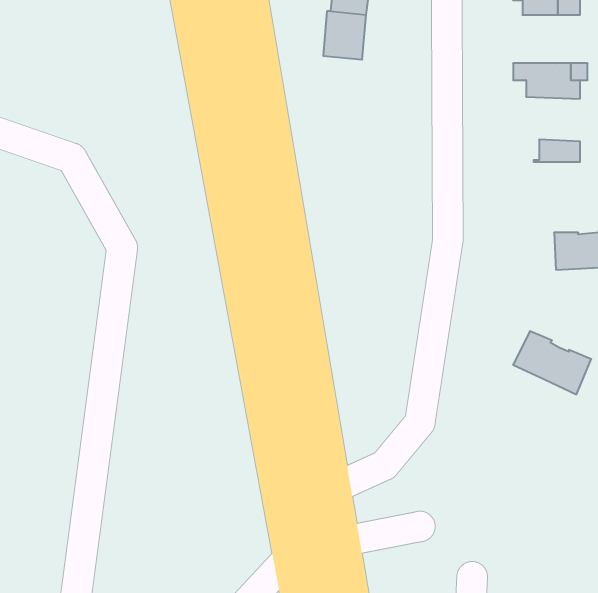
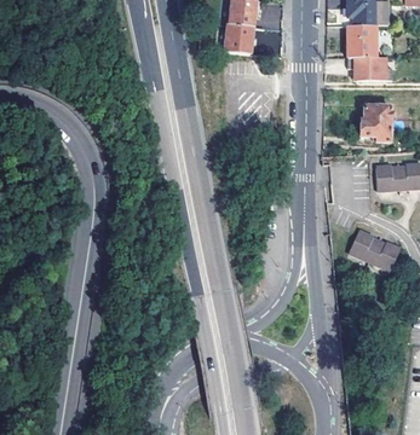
building: none -> [349,25,385,57]
building: none -> [362,121,392,141]

